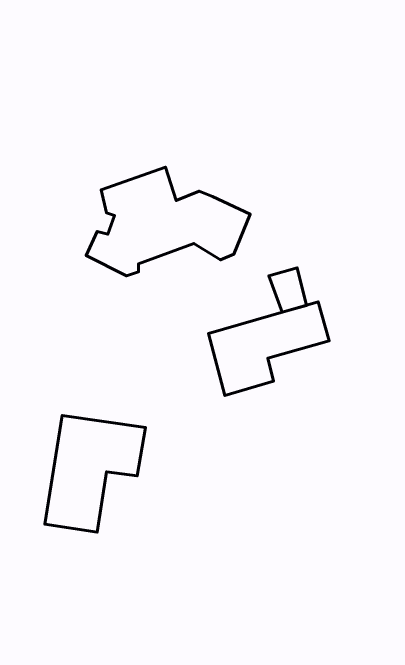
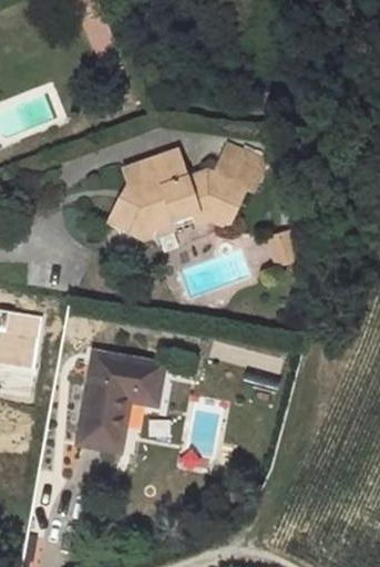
building: none -> [213,150,264,194]
building: [208,302,329,395] -> none

